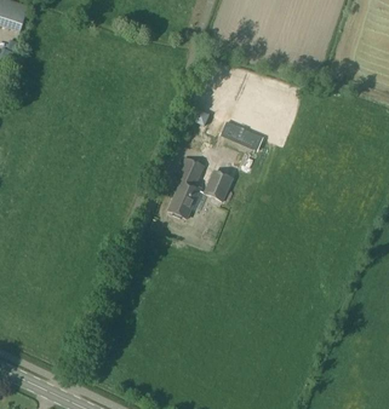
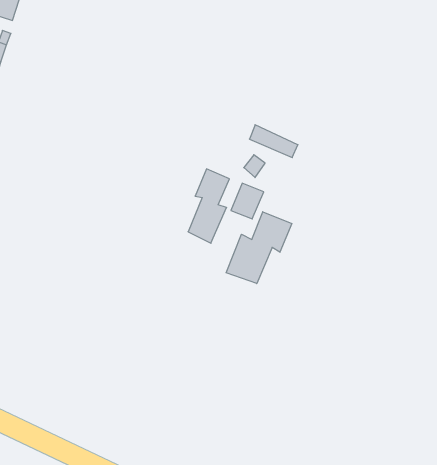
building: none -> [226,212,292,284]

